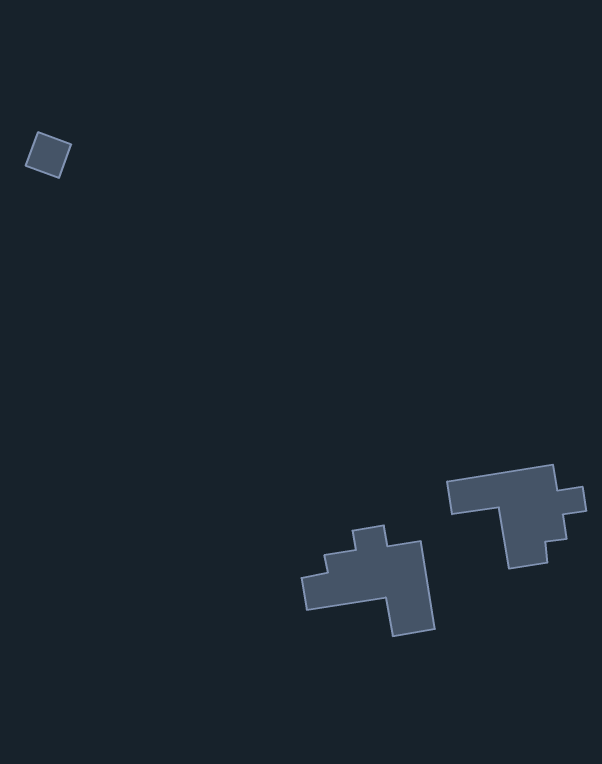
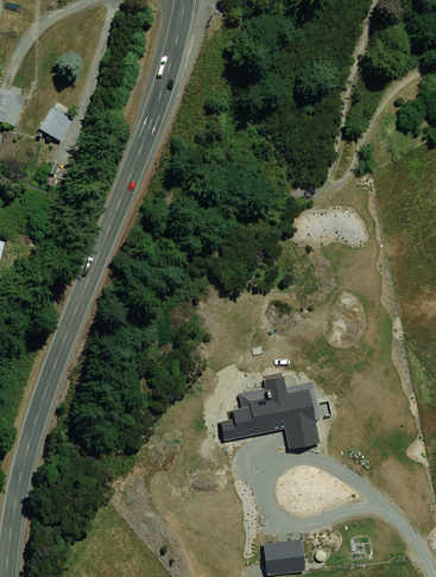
building: [447,465,586,569] -> none

